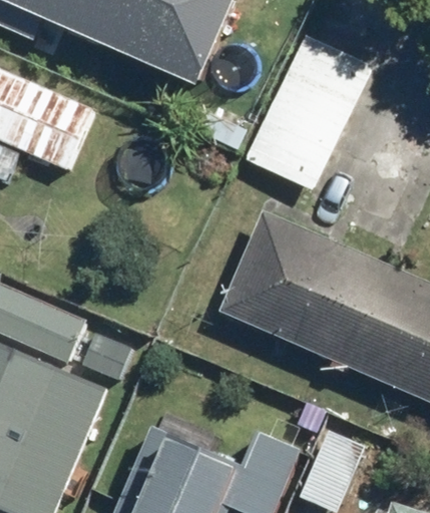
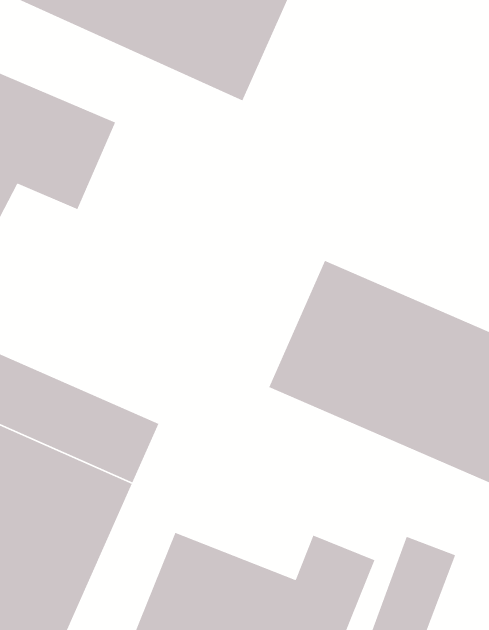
building: [244,35,373,193] -> none

